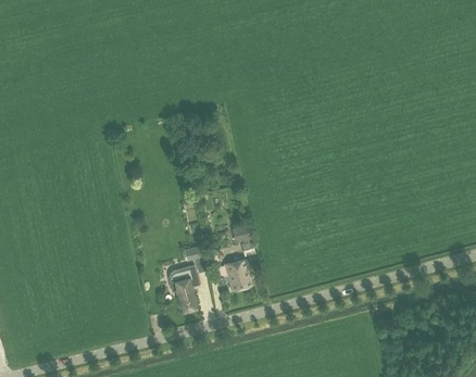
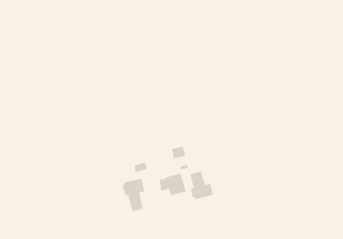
building: none -> [190,170,214,200]

